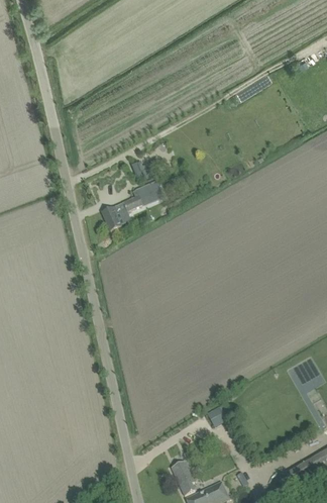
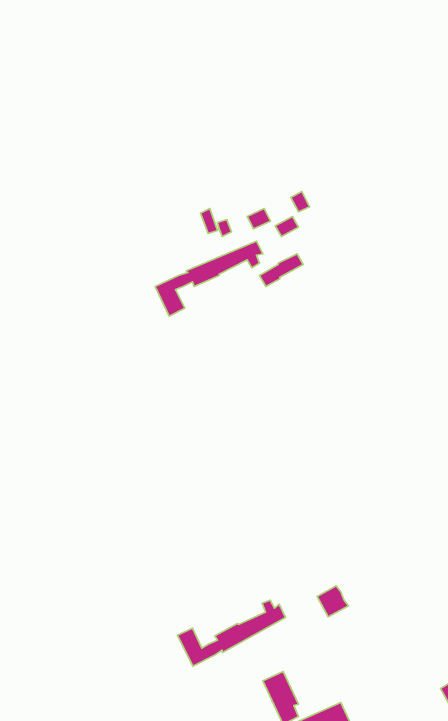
building: none -> [178,600,285,666]

